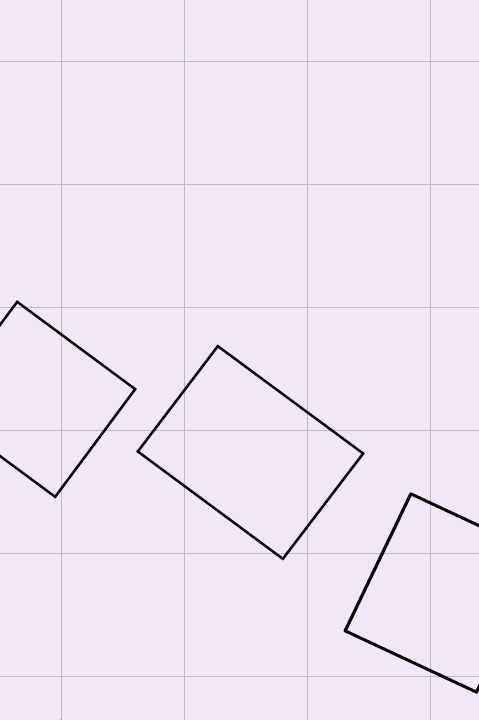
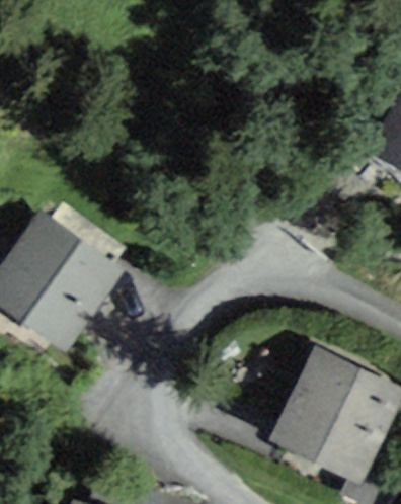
building: [138,346,363,559] -> none

